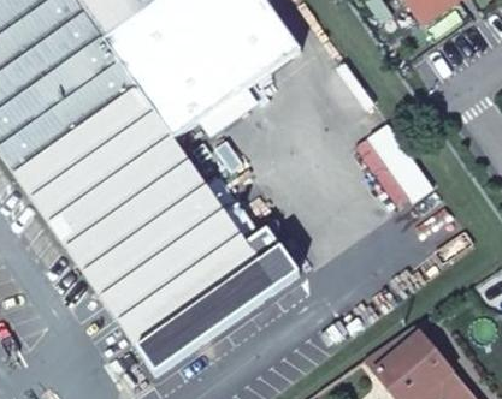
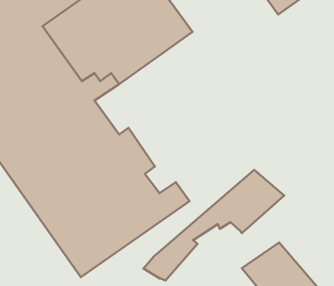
building: none -> [143,170,284,280]

